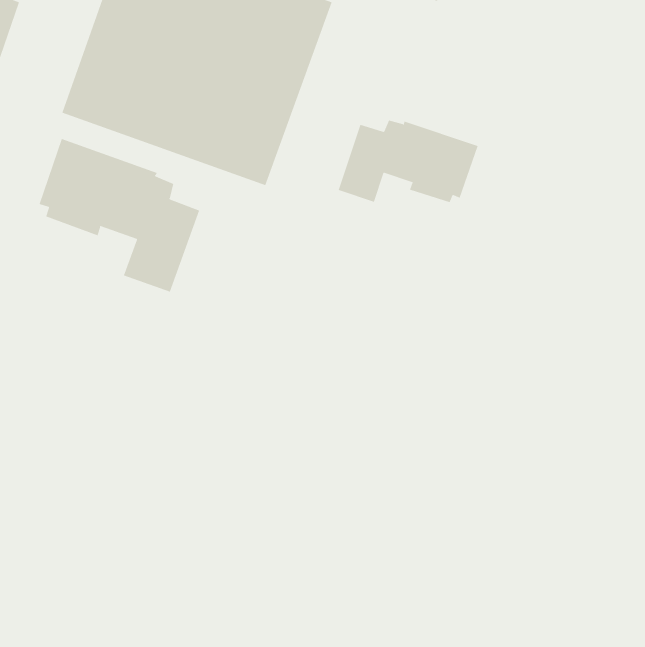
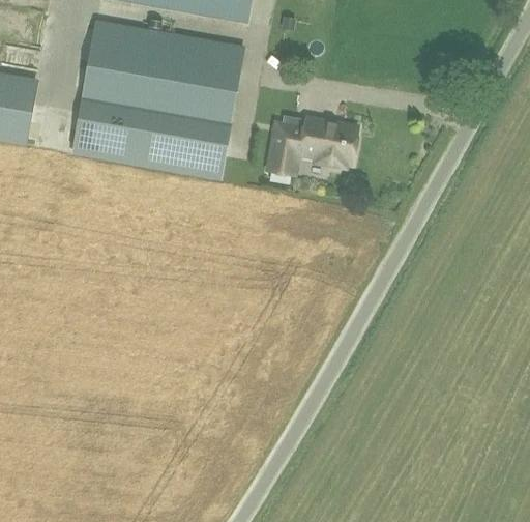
building: [39,138,200,293] -> none

